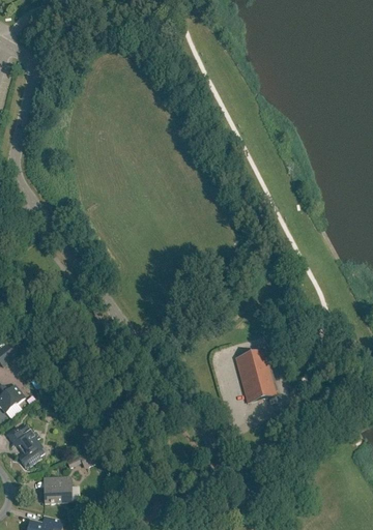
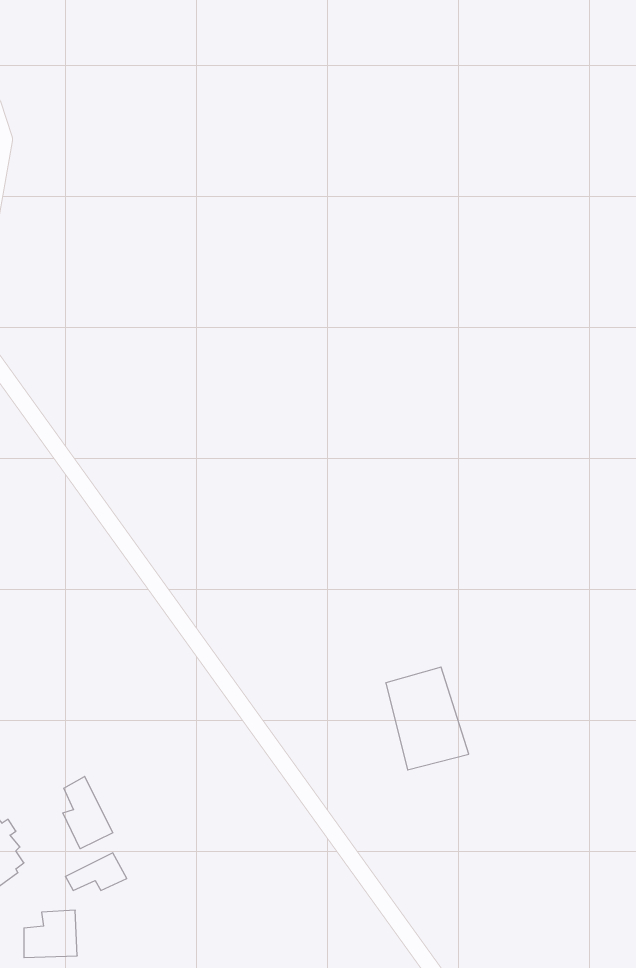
building: none -> [63,776,113,849]

